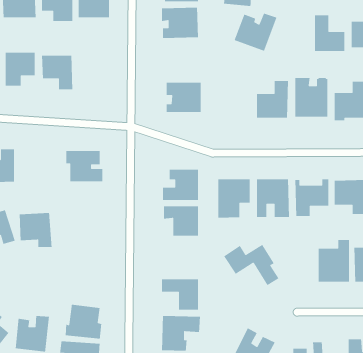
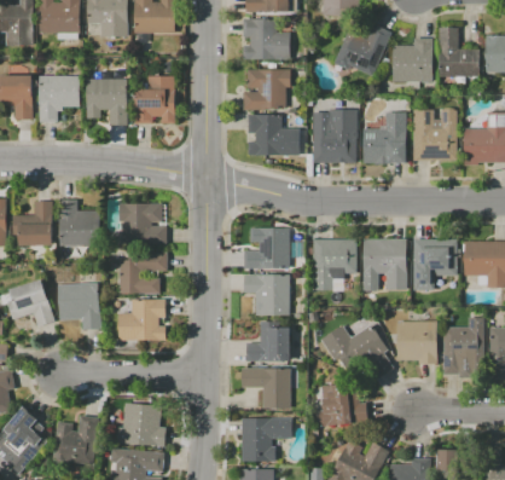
building: none -> [393,39,434,81]
building: none -> [243,69,291,110]
building: none -> [134,76,175,125]
building: none -> [313,110,356,162]
building: none -> [59,199,92,245]
building: none -> [120,253,167,294]
building: none -> [118,299,166,341]
building: none -> [397,320,437,364]
building: none -> [246,322,290,363]
building: none -> [319,383,352,426]

